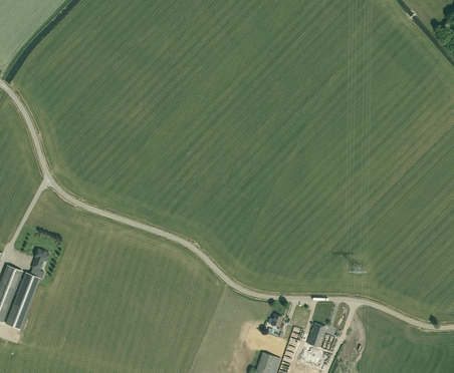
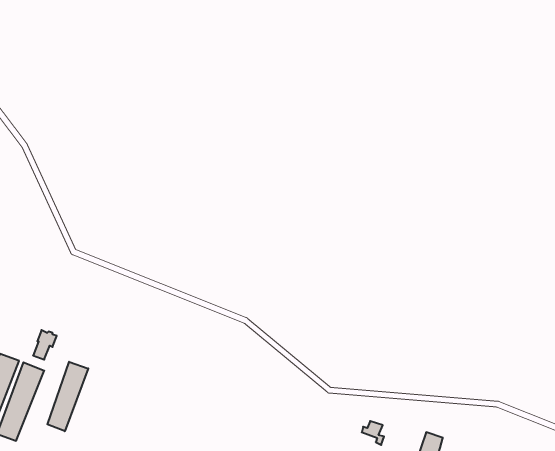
building: none -> [47,362,88,431]

